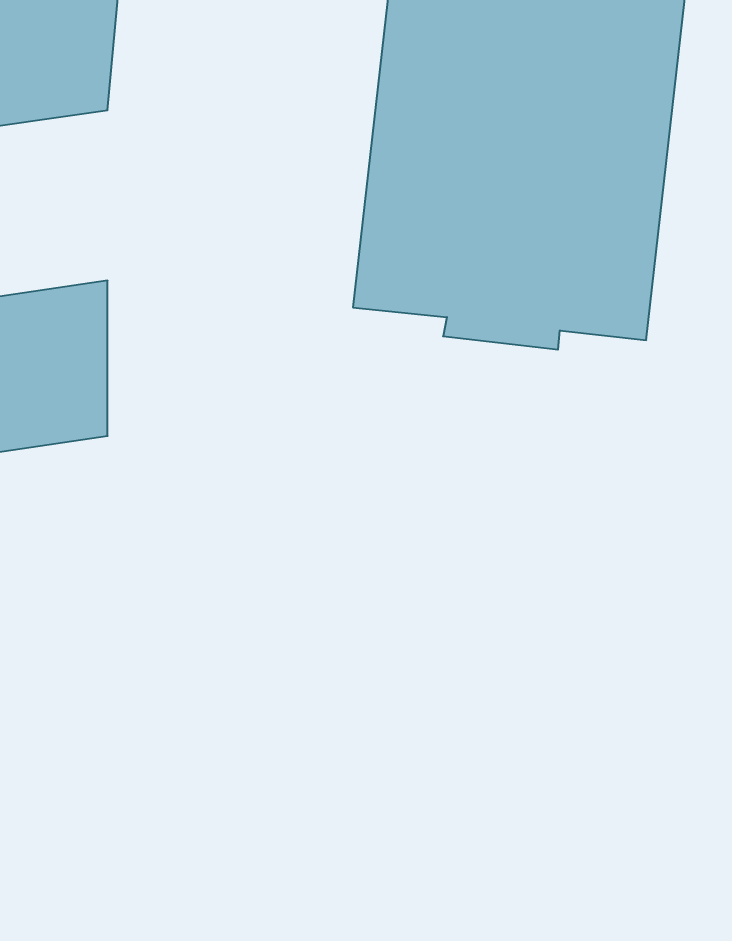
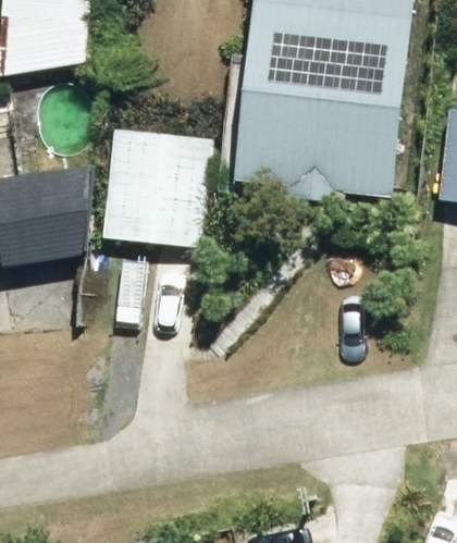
building: none -> [118,122,218,236]

